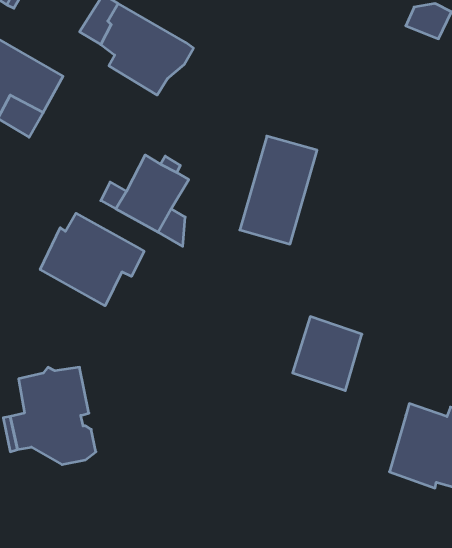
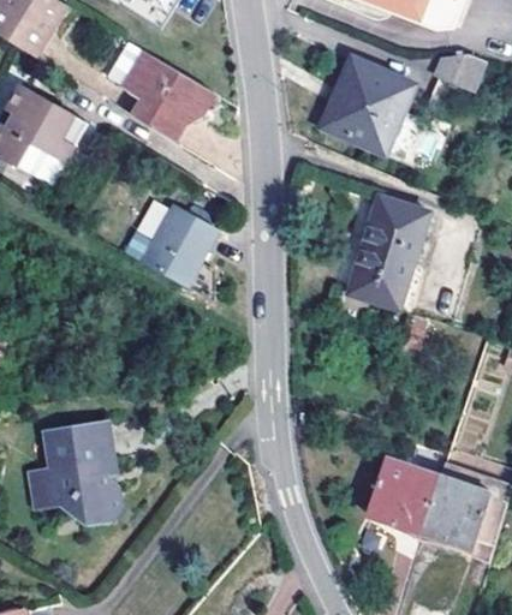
building: none -> [322,59,418,160]
building: [240,136,317,244] -> [349,195,428,305]
building: [40,213,144,306] -> none
building: [293,317,362,391] -> [365,454,436,530]

